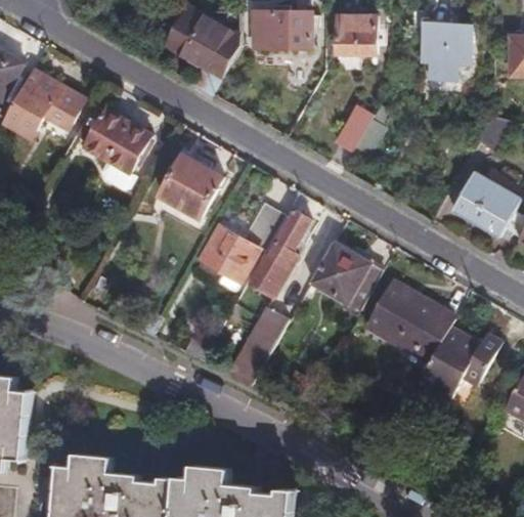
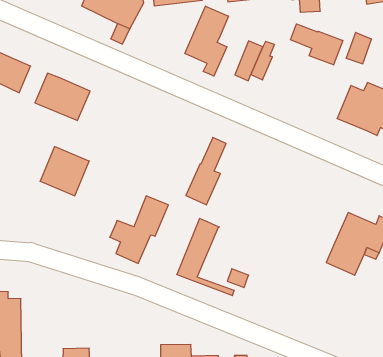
building: none -> [185,6,229,76]
building: none -> [290,24,343,65]
building: [159,157,221,219] -> [40,147,89,196]
building: [212,206,288,287] -> [110,196,168,263]
building: [307,246,379,313] -> none
building: [362,279,452,363] -> none

